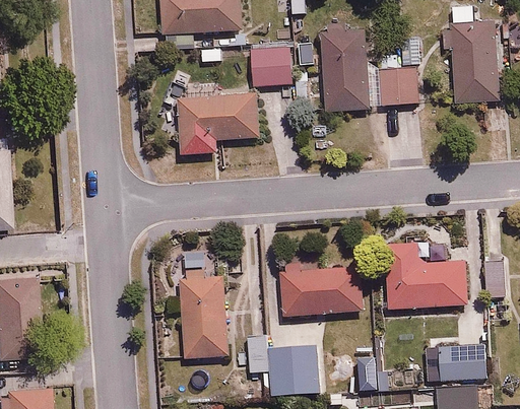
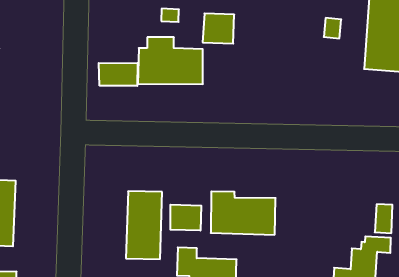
building: [306,30,416,114] -> none
building: none -> [99,63,137,86]
building: [383,244,466,310] -> none
building: none -> [170,205,201,231]

